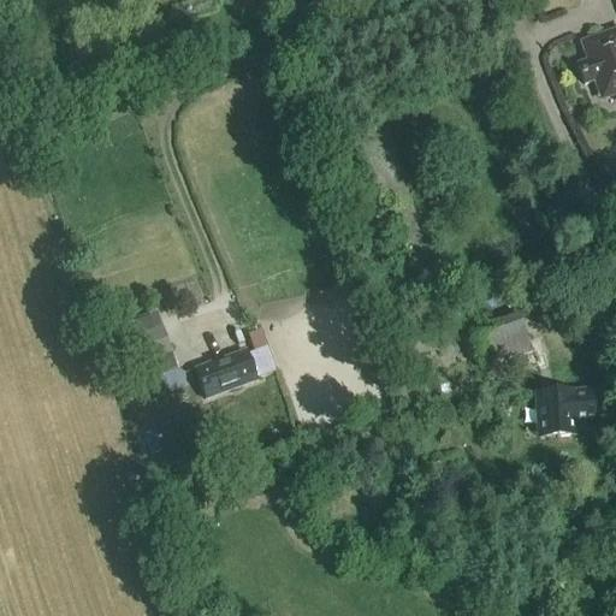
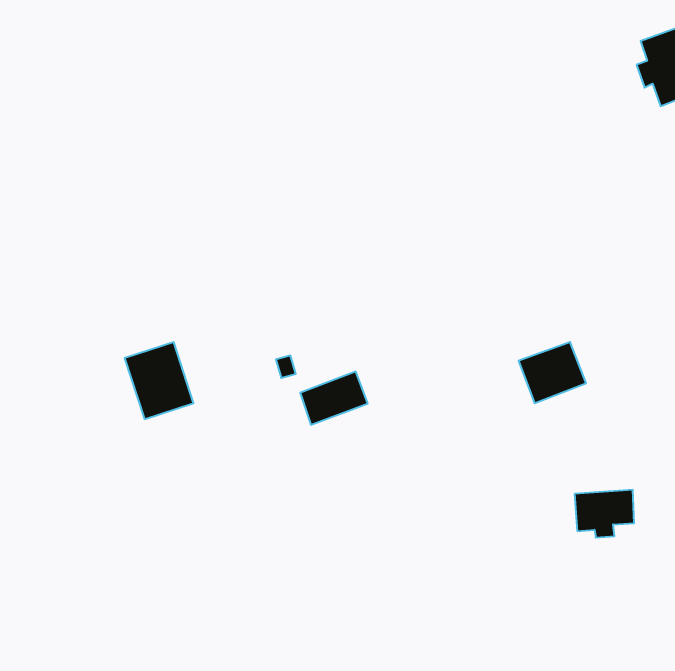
building: [196,346,257,395] -> [300,372,368,425]
building: [539,389,593,432] -> [575,490,634,538]

